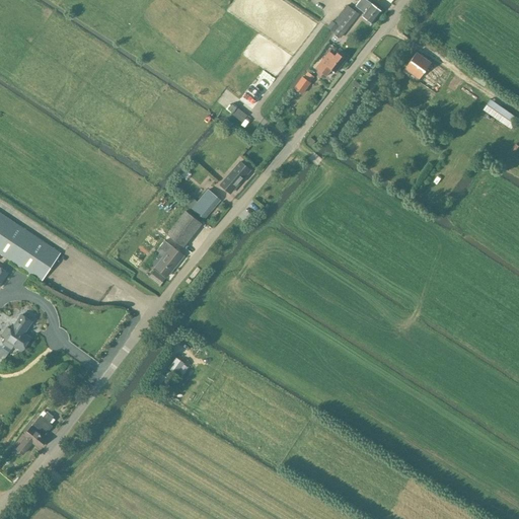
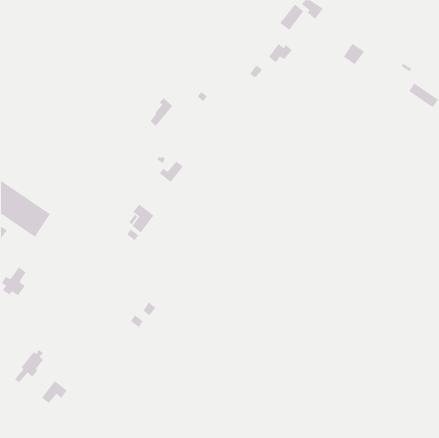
building: [222,158,249,193] -> [150,98,173,127]
building: [166,210,202,246] -> none
building: none -> [41,380,68,404]

